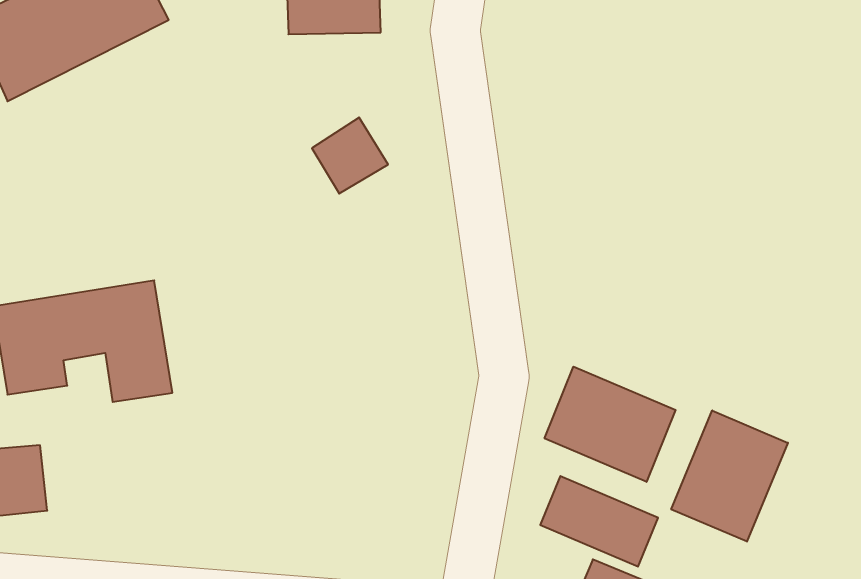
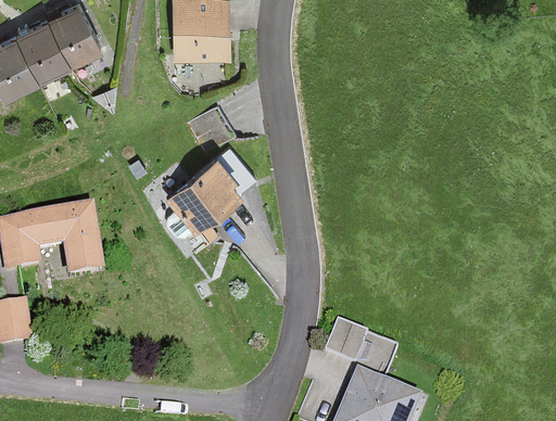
building: none -> [165,149,253,233]
building: [545,367,676,482] -> none
building: [671,410,788,542] -> none

